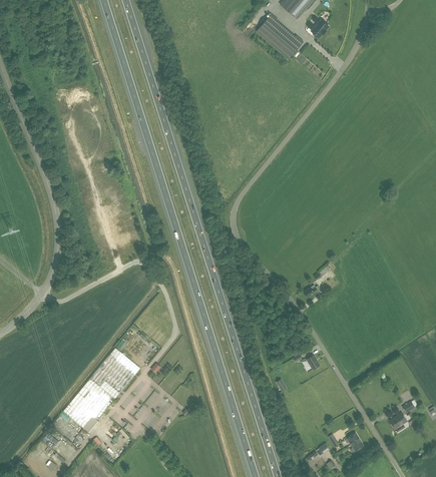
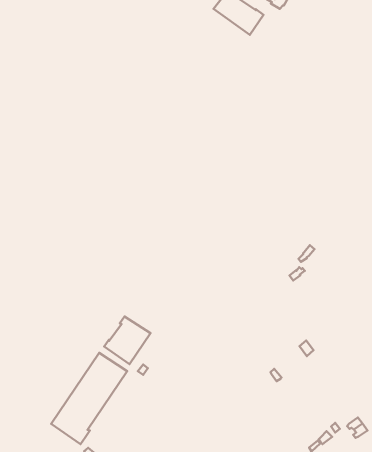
building: none -> [104,317,150,364]

